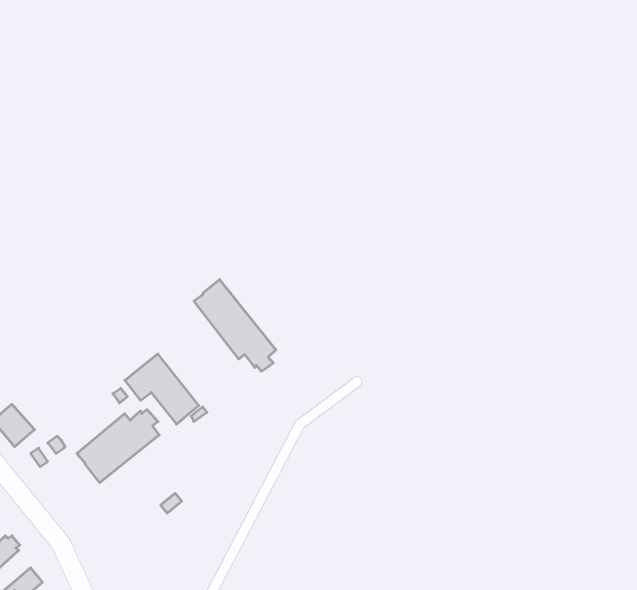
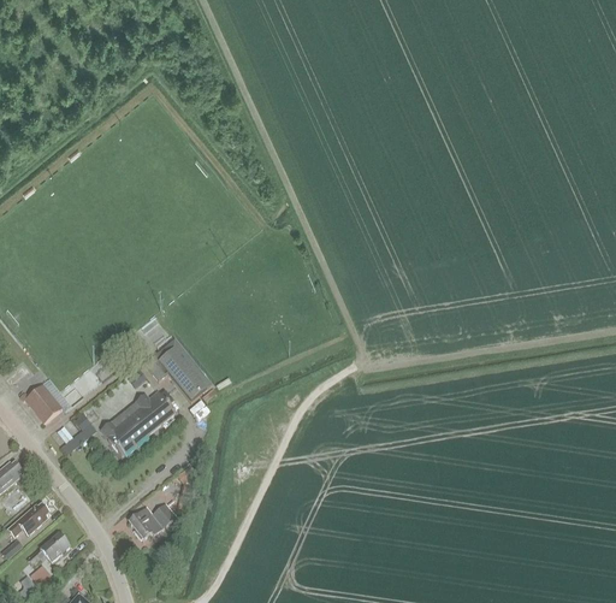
building: [194,279,276,371] -> none
building: none -> [130,503,176,538]

